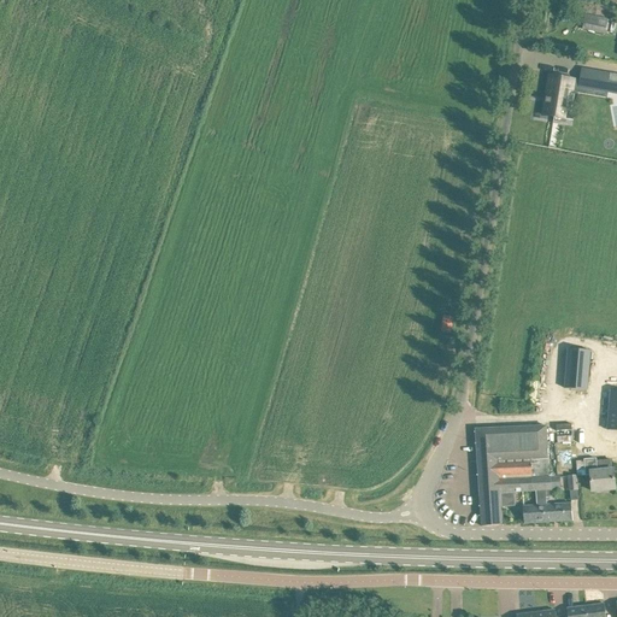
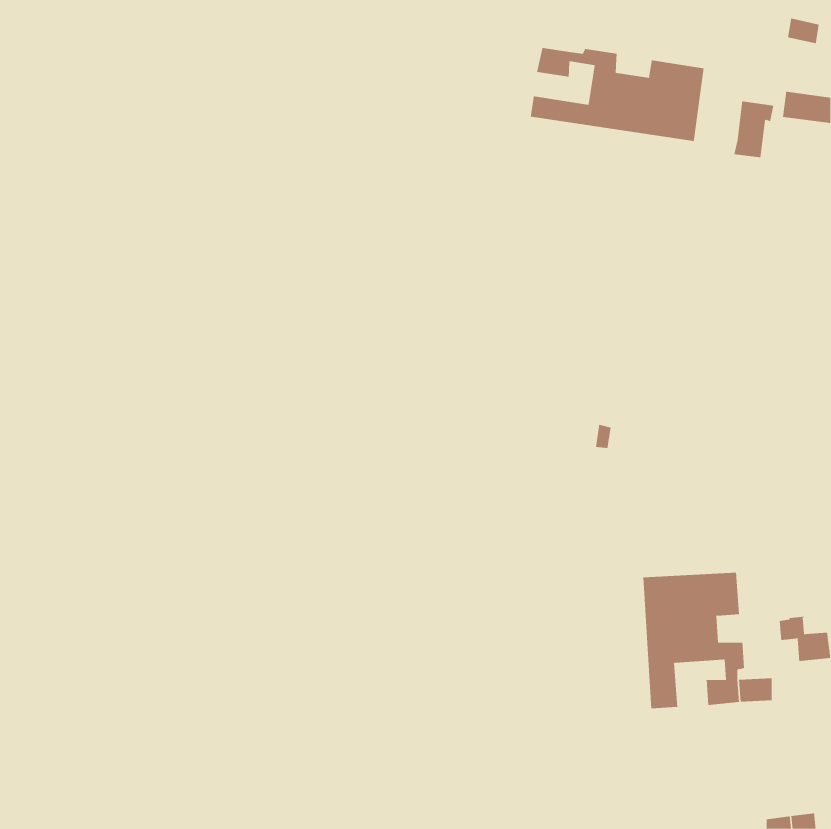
building: none -> [530,47,704,142]
building: [562,343,590,387] -> none

